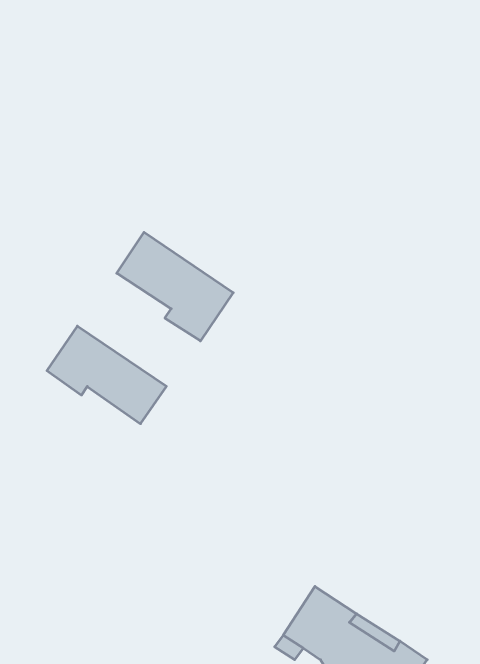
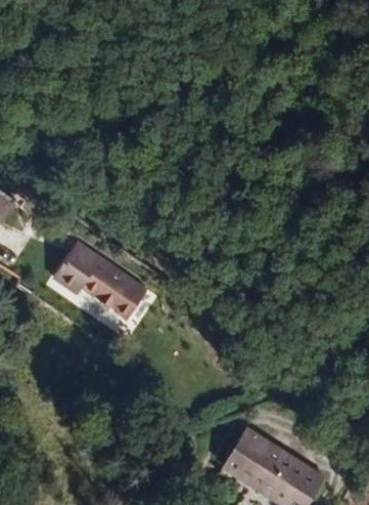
building: [117,232,233,341] -> none

